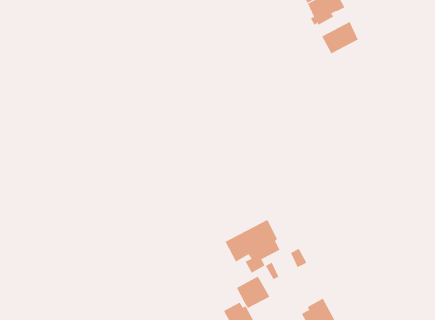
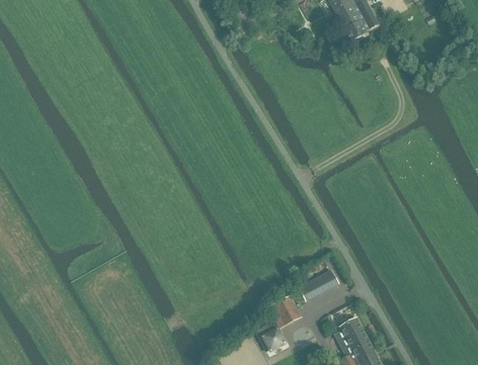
building: [322,21,359,54] -> none
building: [225,219,280,273] -> none

